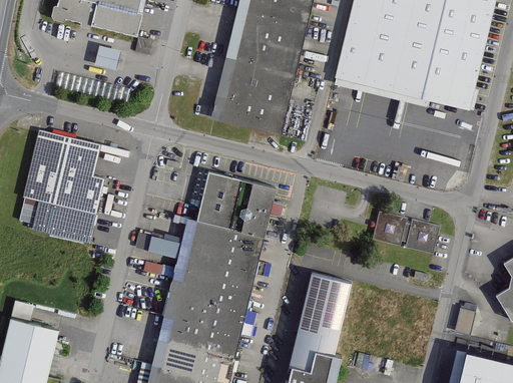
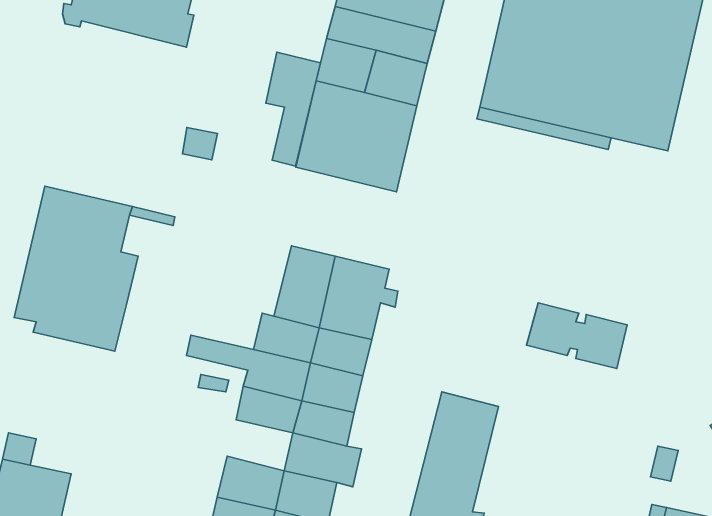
building: none -> [266,52,321,166]
building: [95,46,119,68] -> [183,128,218,160]
building: [164,291,209,326] -> none

